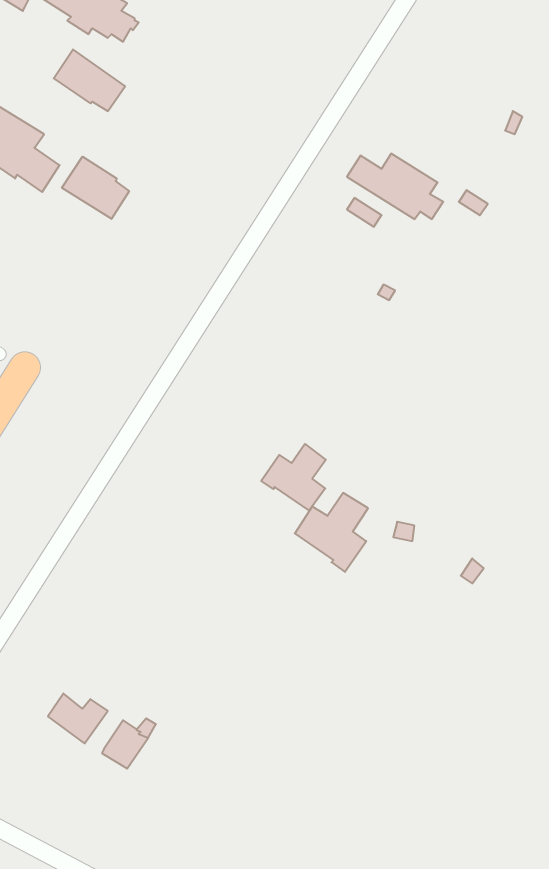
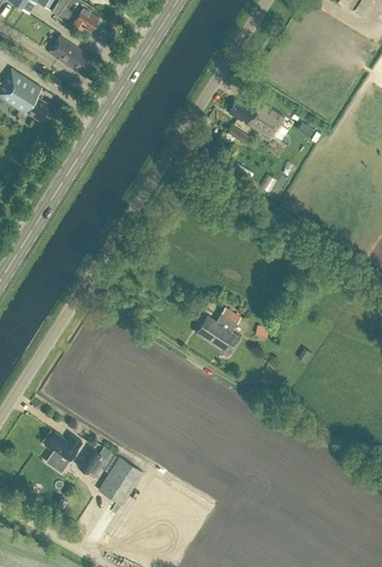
building: [62,157,129,219] -> none
building: [261,444,326,510] -> none
building: none -> [98,458,142,504]

